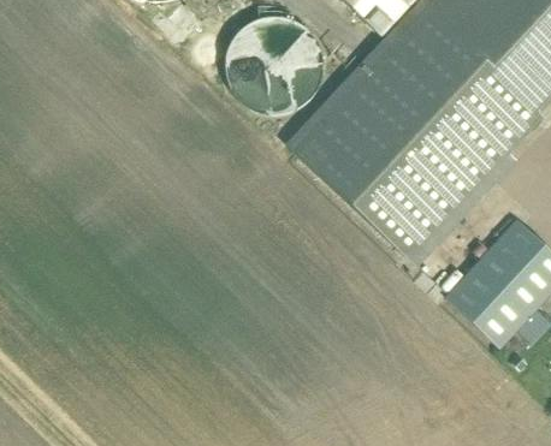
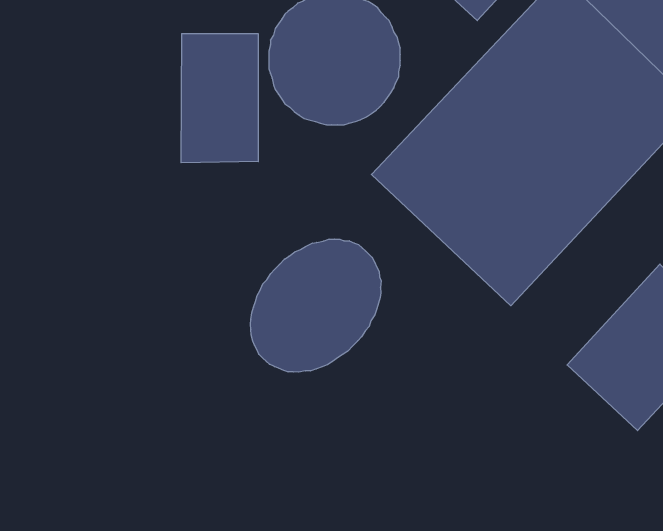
building: none -> [181,34,258,163]
building: none -> [250,239,381,372]

